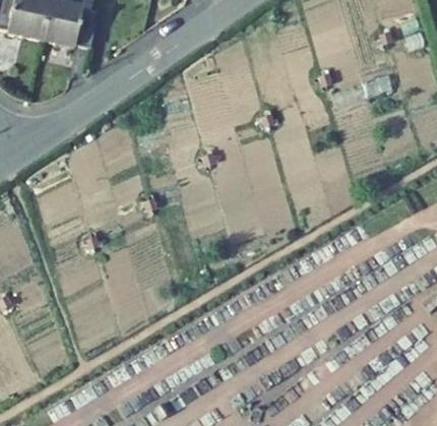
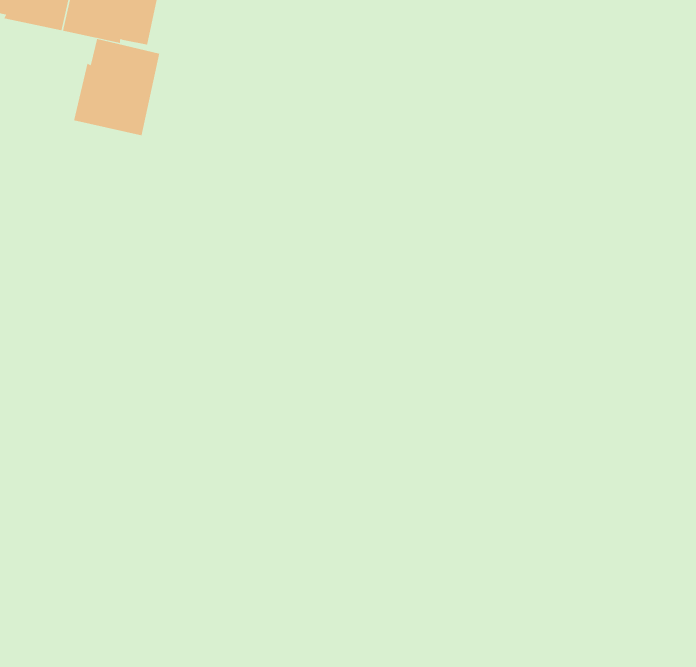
building: none -> [74,38,160,136]

